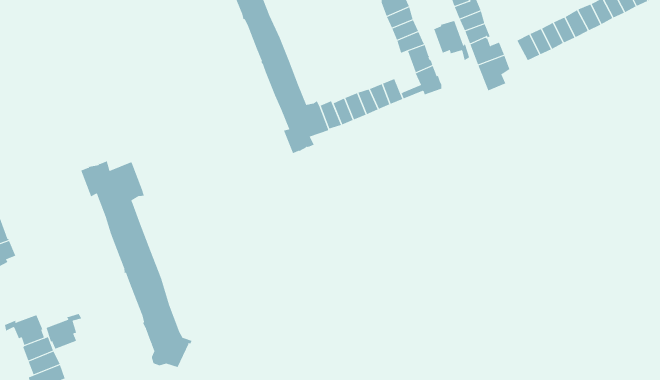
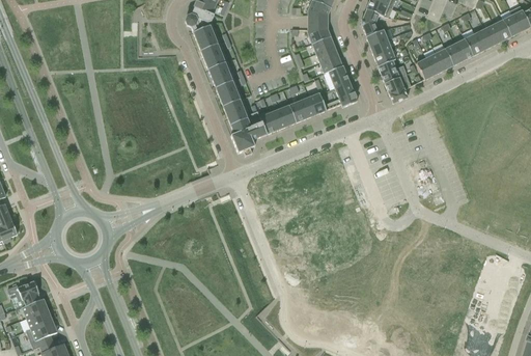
building: [434,20,470,61] -> none
building: [81,161,193,368] -> none
building: [46,313,82,349] -> none

